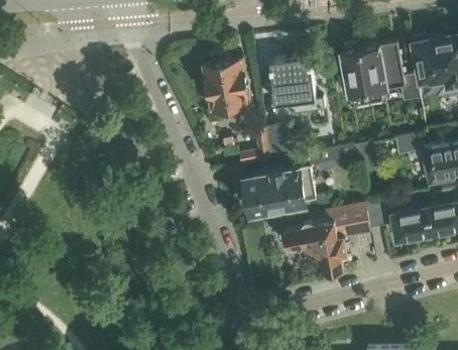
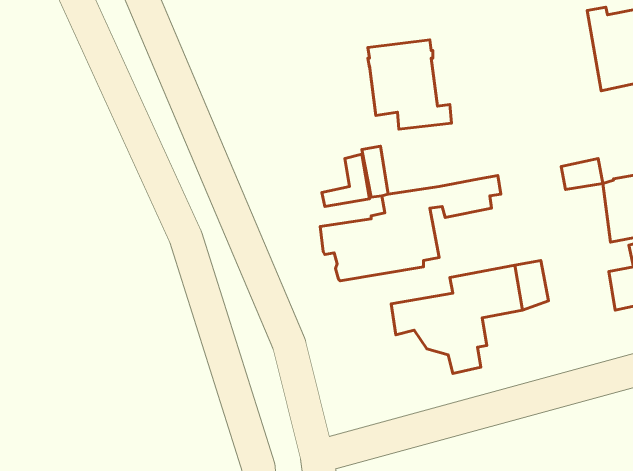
building: [339,44,419,108] -> none
building: [203,61,249,112] -> none
building: [390,209,430,240] -> none

